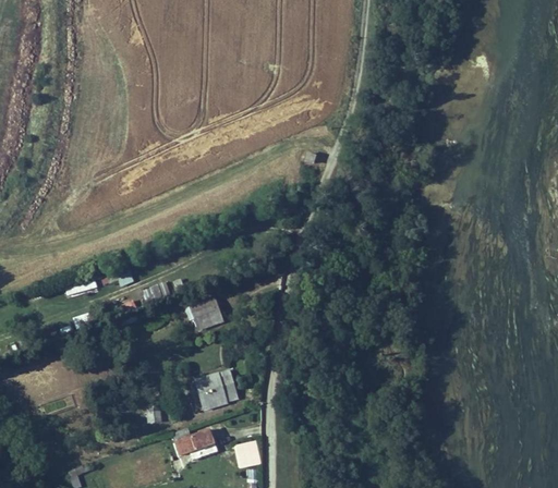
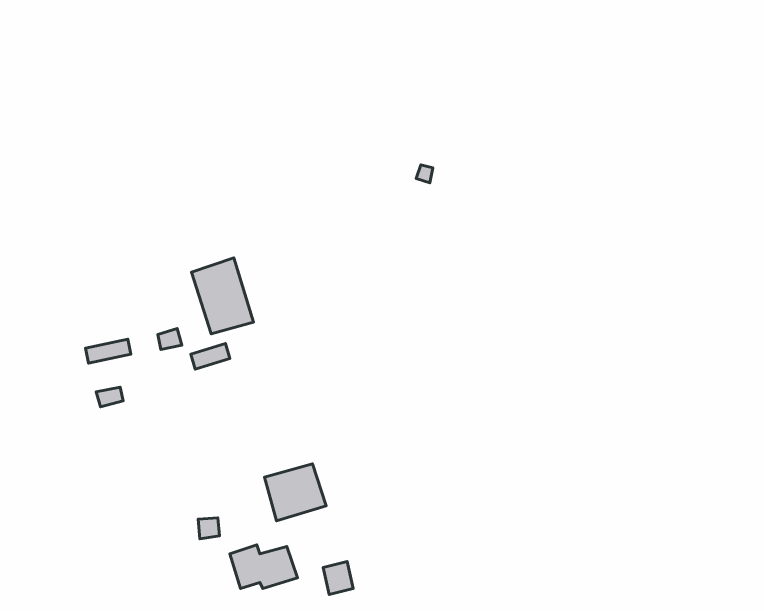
building: none -> [191,258,253,334]
building: [184,296,225,332] -> none

